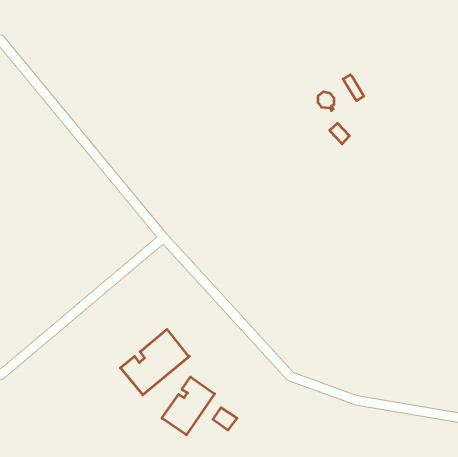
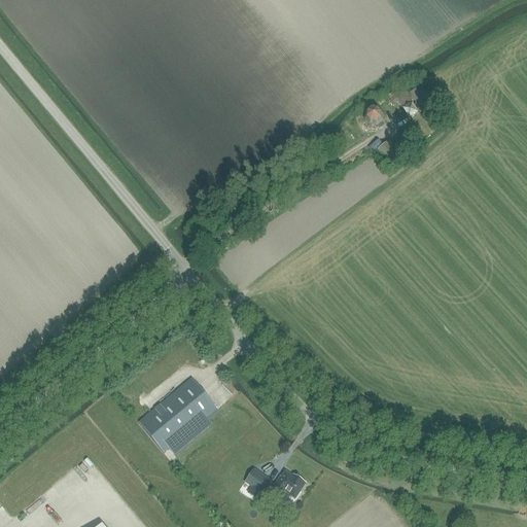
building: [162,377,215,435] -> none
building: none -> [270,469,307,499]

